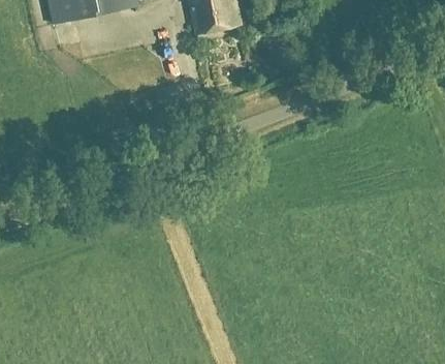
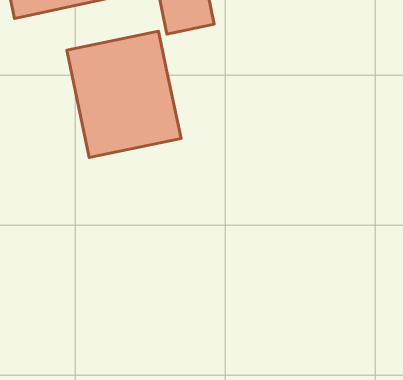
building: none -> [67,31,181,157]

